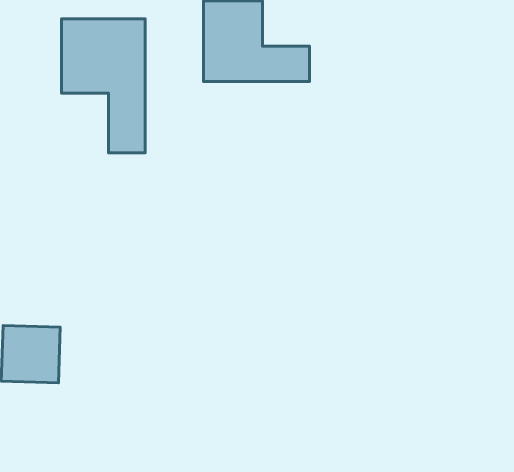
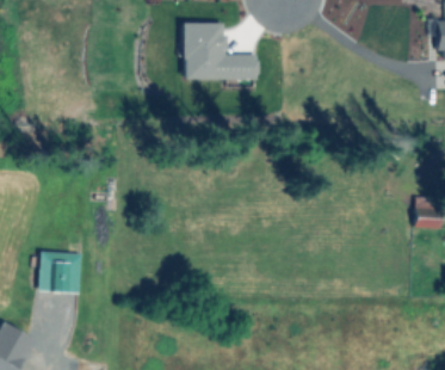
building: [61,19,145,153] -> none

